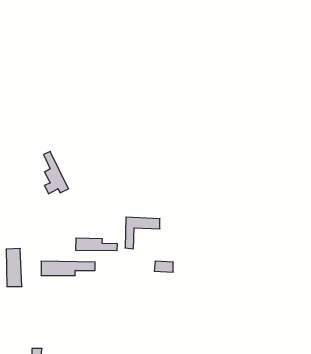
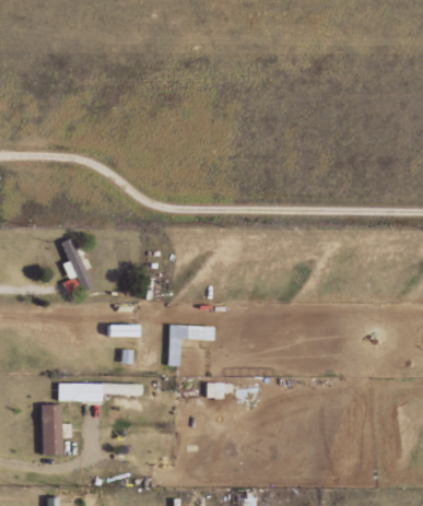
building: [76,238,117,251] -> none
building: [6,248,22,287] -> [43,404,63,455]

